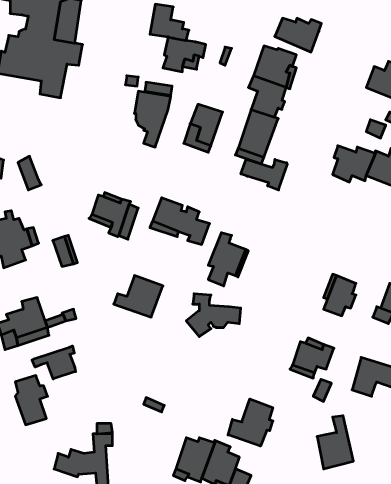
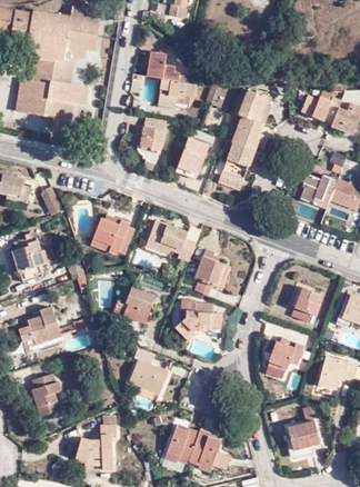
building: [275,18,321,52] -> [300,96,340,125]
building: [241,159,287,190] -> none
building: none -> [130,346,168,391]
building: [32,346,76,379] -> none
building: [228,399,273,446] -> none

